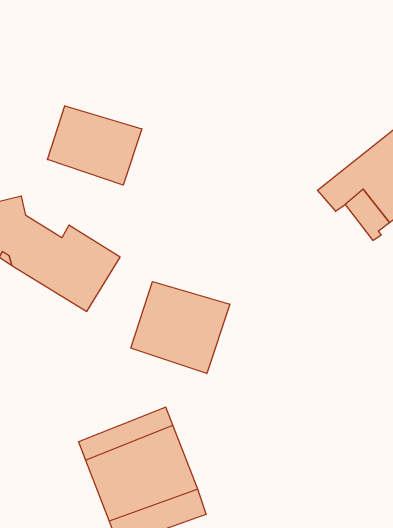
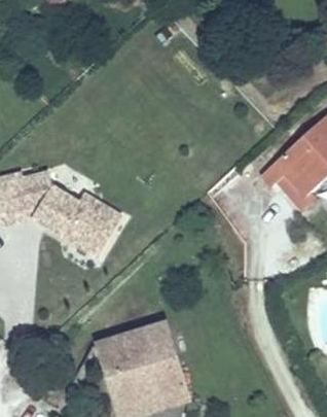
building: [47,106,142,185] -> none
building: [131,282,230,374] -> none

